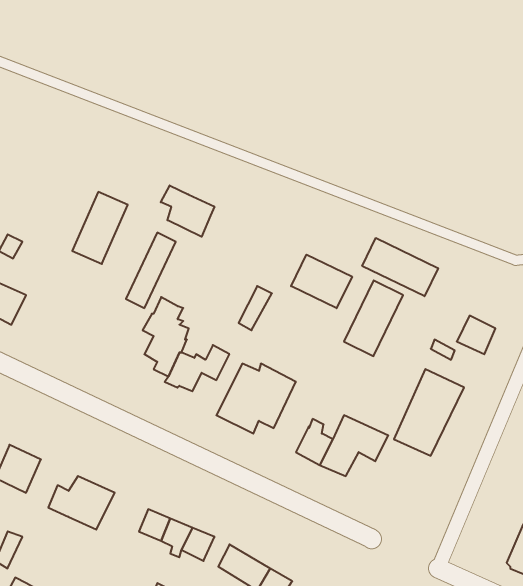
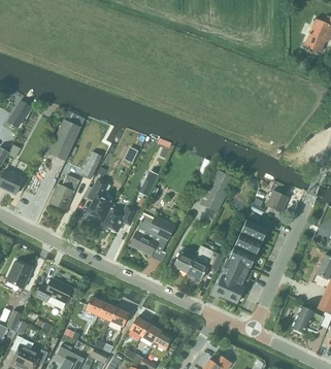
building: [161,185,214,237] -> none
building: [362,238,438,296] -> none
building: [291,255,352,308] -> none
building: none -> [49,174,79,209]
building: none -> [213,258,250,303]

